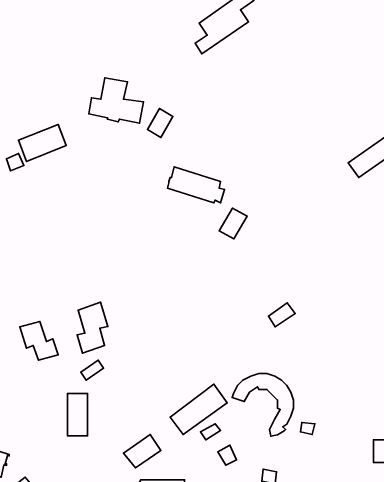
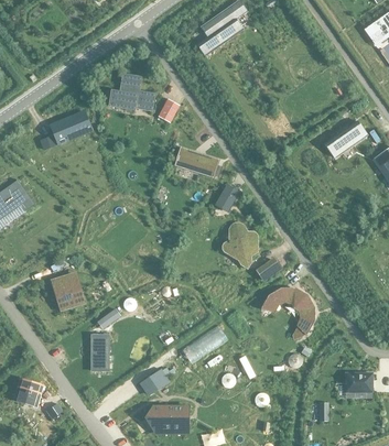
building: none -> [221,224,257,265]
building: [77,302,108,353] -> none
building: [232,374,293,436] -> [262,289,313,340]

